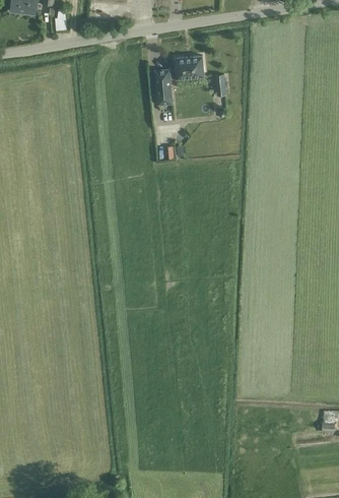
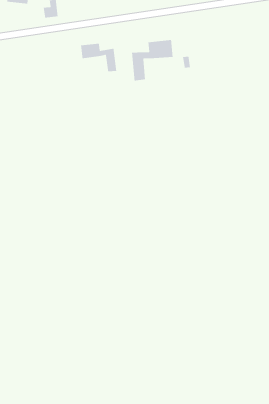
building: none -> [80,43,117,72]

